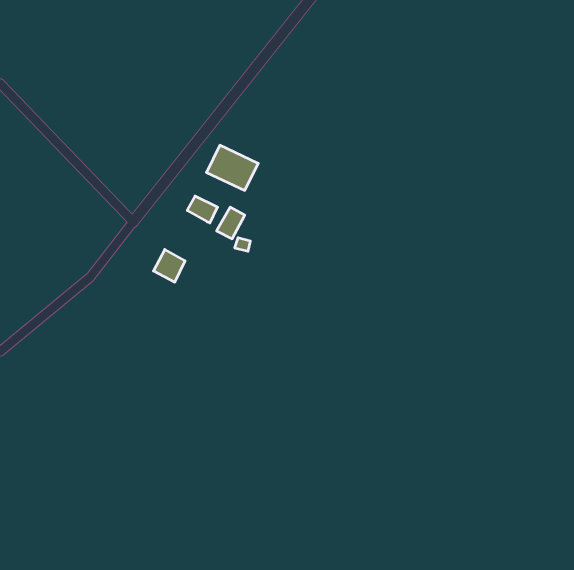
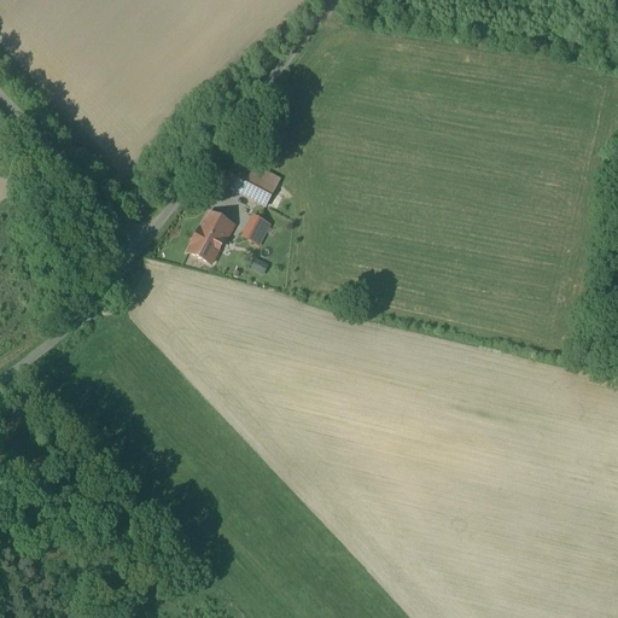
building: [153,249,185,282] -> [191,226,225,261]

